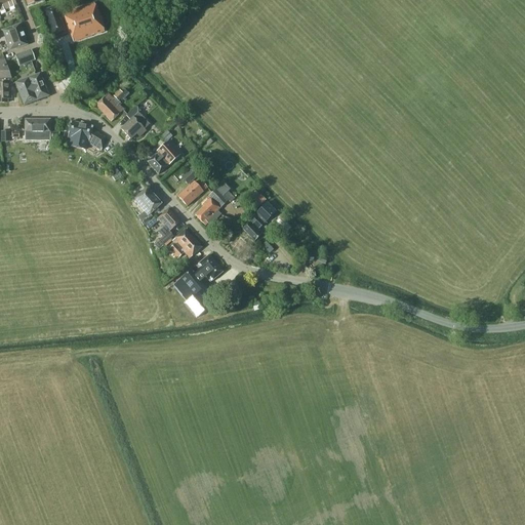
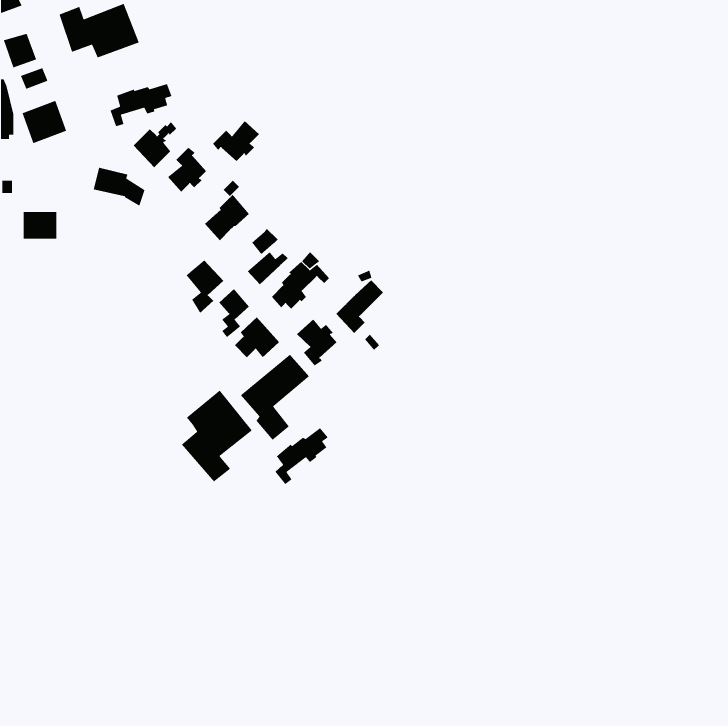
building: none -> [110,83,173,127]
building: none -> [212,120,260,162]
building: [26,118,50,138] -> [23,211,57,240]
building: none -> [296,319,337,366]
building: none -> [181,389,253,482]
building: none -> [274,427,329,485]

